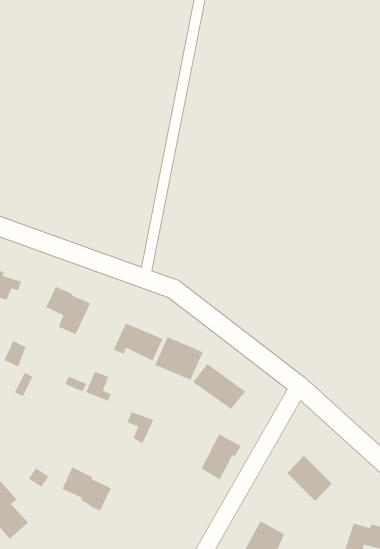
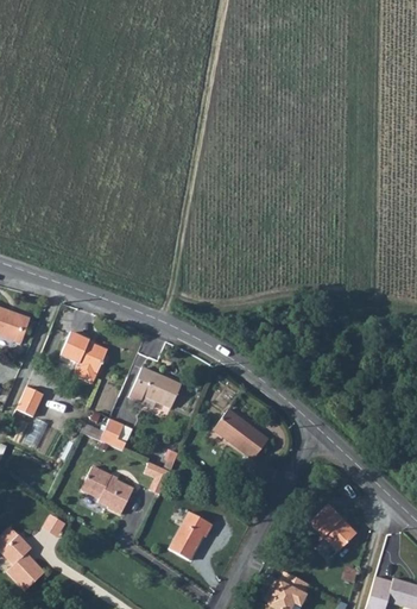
building: [154,336,204,381] -> none
building: [200,433,242,480] -> [166,516,209,565]
building: [61,466,112,512] -> [81,469,133,516]

